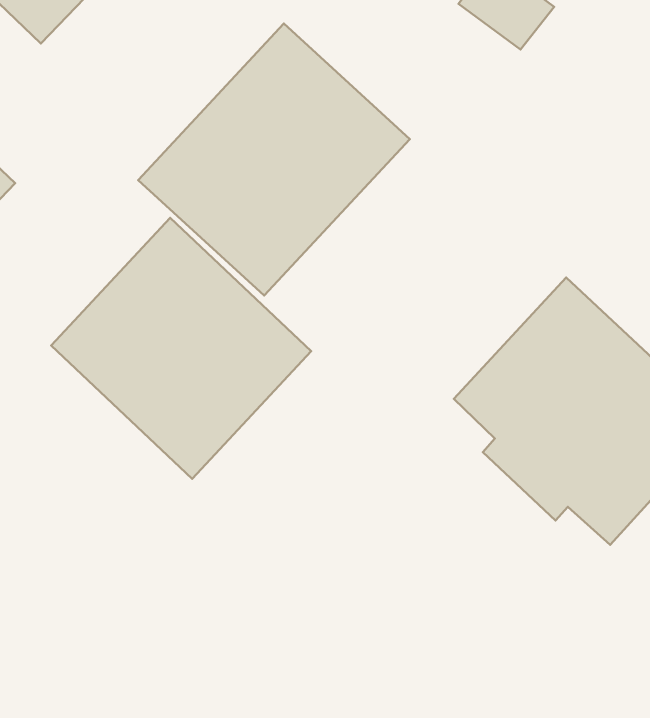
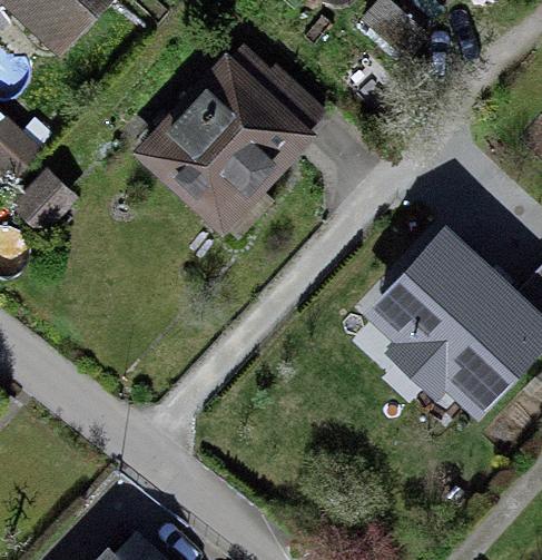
building: [51,218,311,479] -> none

